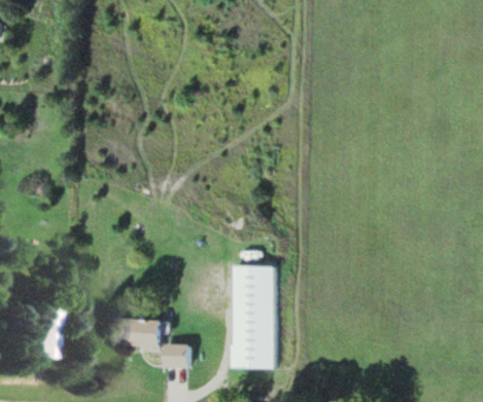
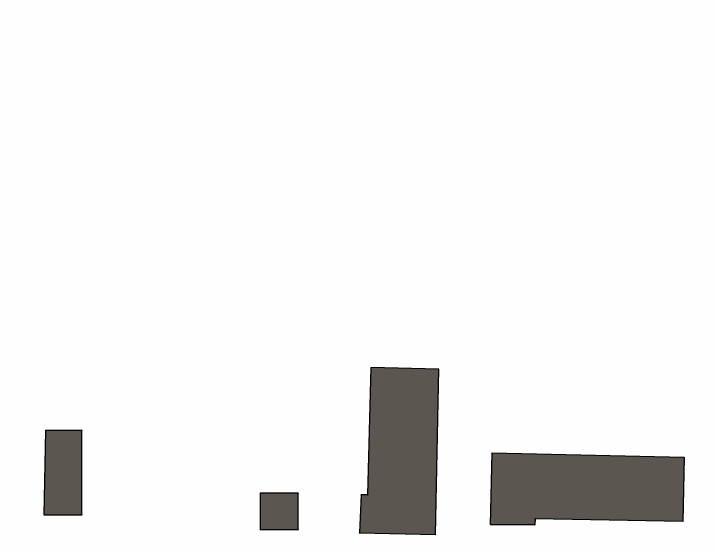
building: [117,320,165,350] -> none
building: none -> [491,453,684,525]

